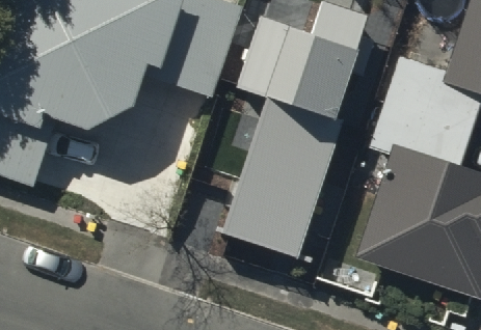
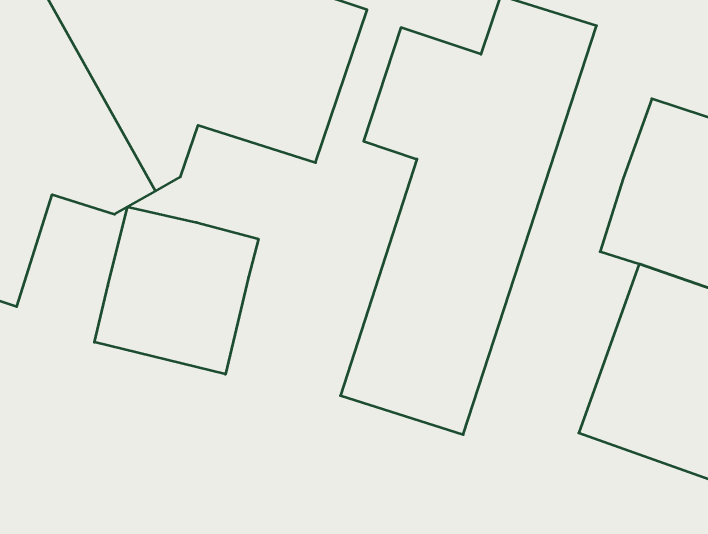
building: none -> [94,207,258,374]

